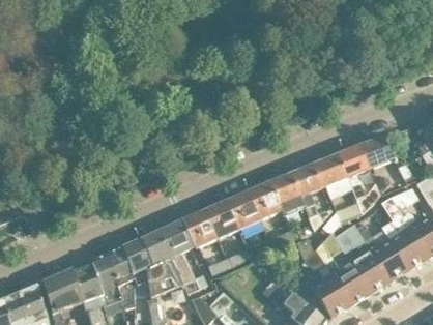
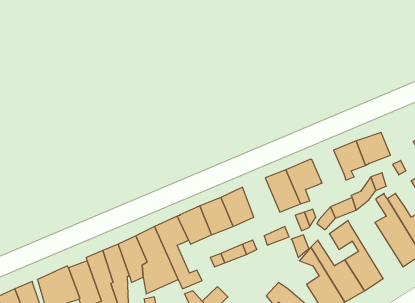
building: [317,153,353,197] -> none
building: [248,181,283,220] -> none
building: [355,223,408,282] -> none

